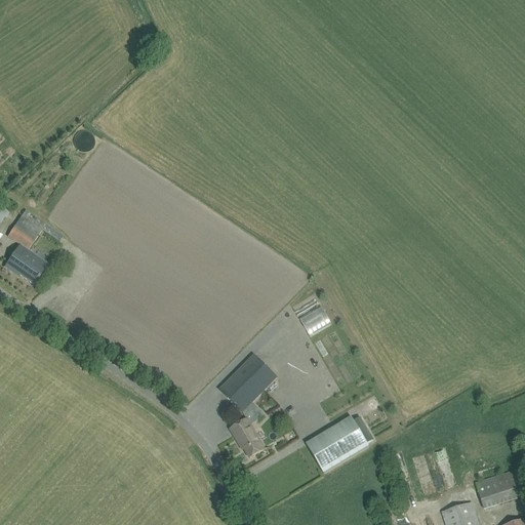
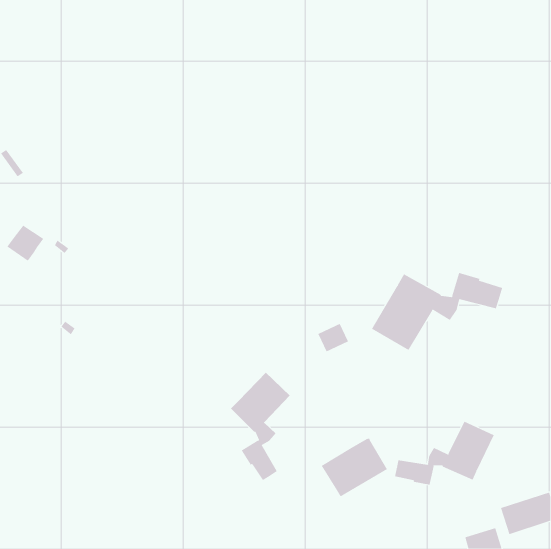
building: [4,245,47,282] -> none
building: none -> [371,272,503,351]
building: none -> [394,421,495,486]

